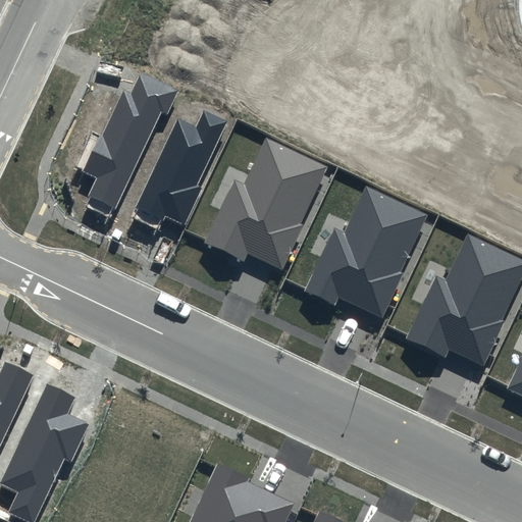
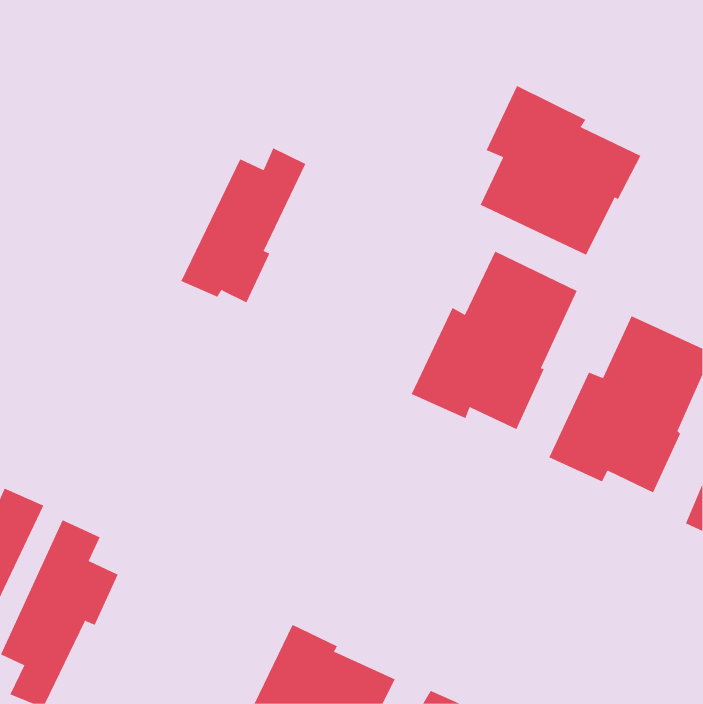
building: none -> [480,85,641,255]
building: [80,73,177,209] -> none
building: [203,138,326,269] -> none

